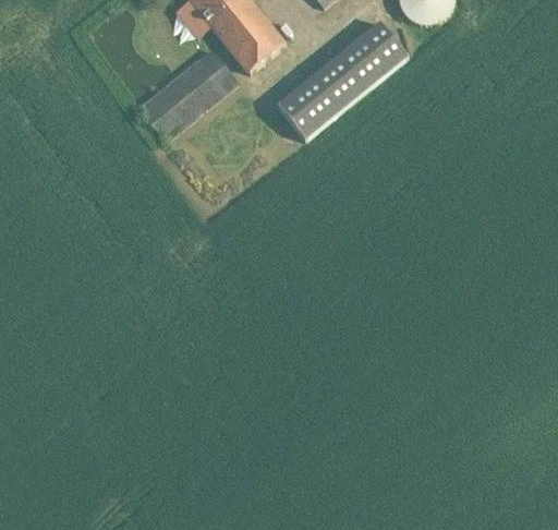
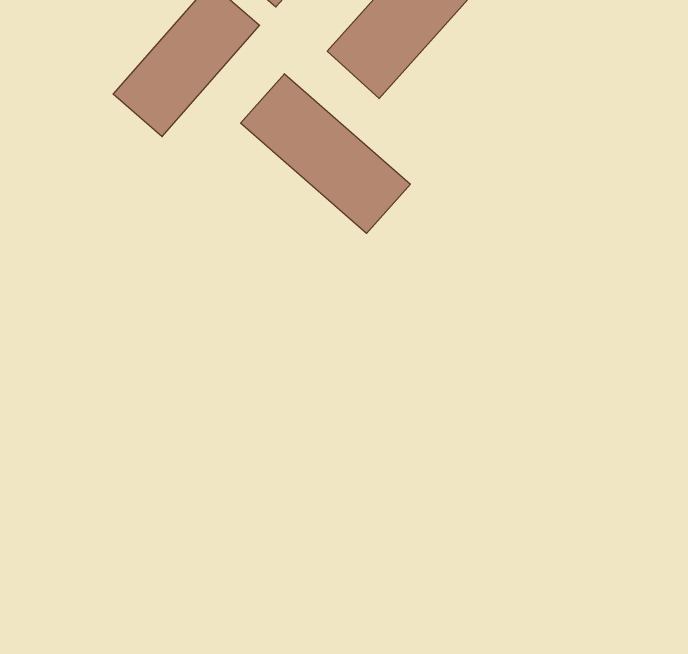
building: none -> [241,74,410,233]

